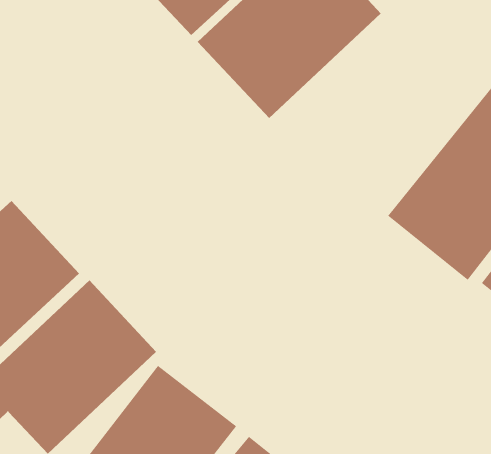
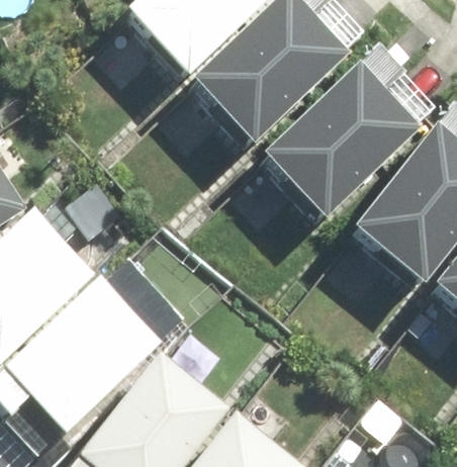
building: none -> [266,45,424,217]

